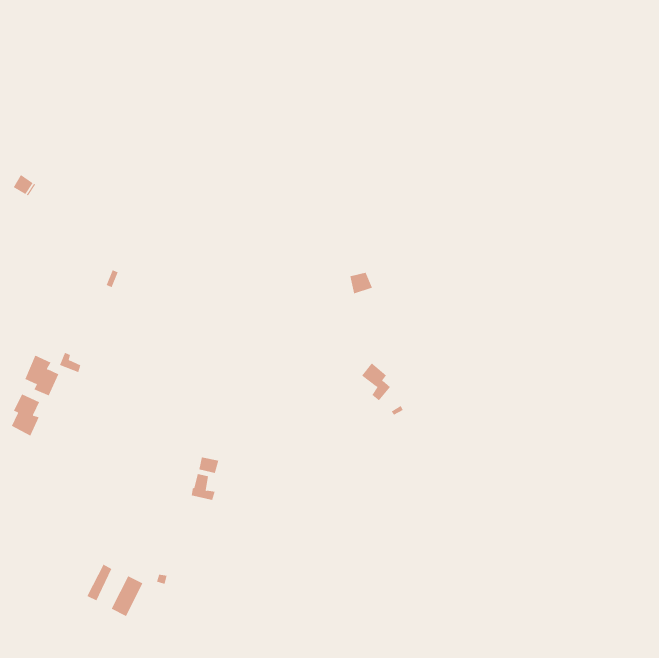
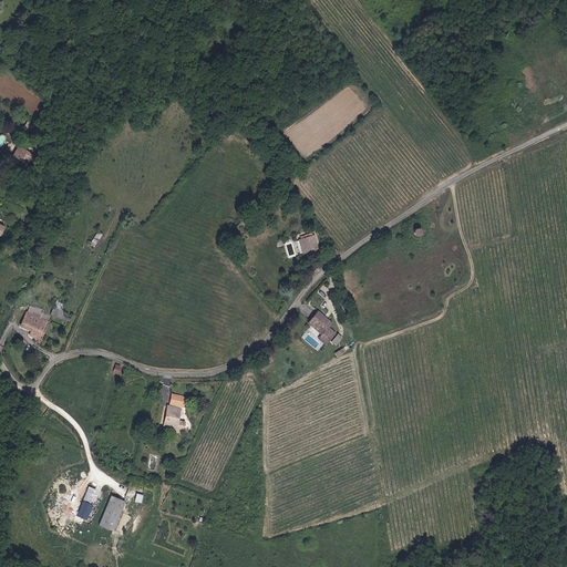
building: [11,394,40,436] -> none

